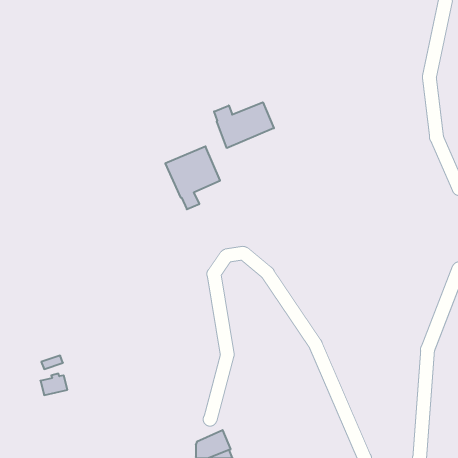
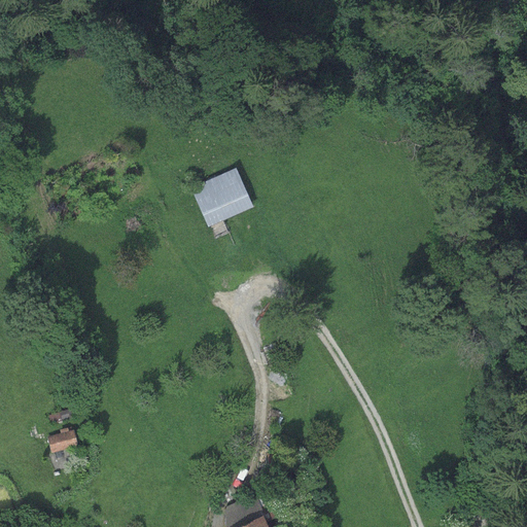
building: [214,102,274,148] -> none

